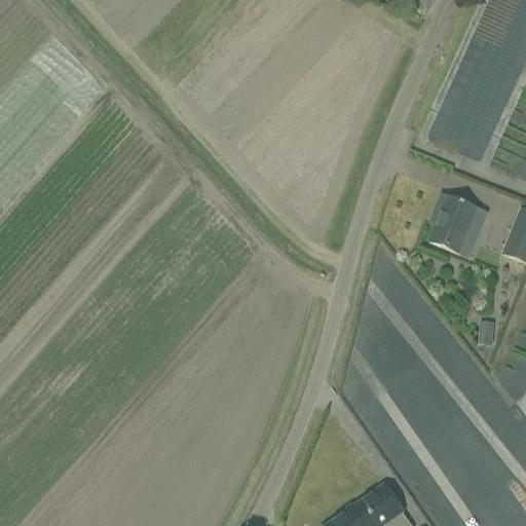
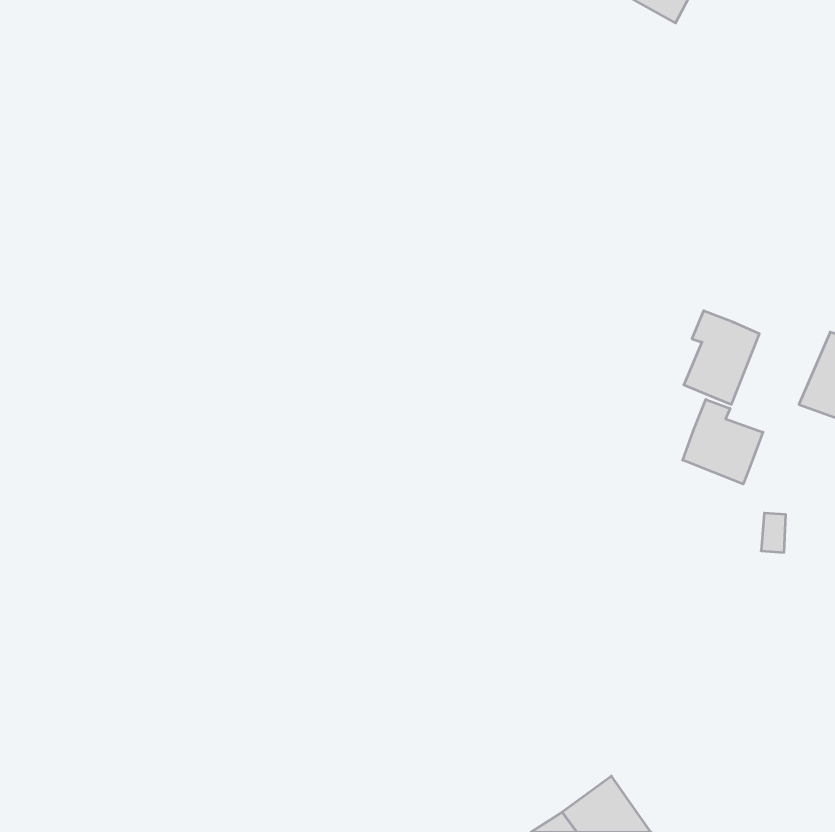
building: none -> [683,399,763,484]

